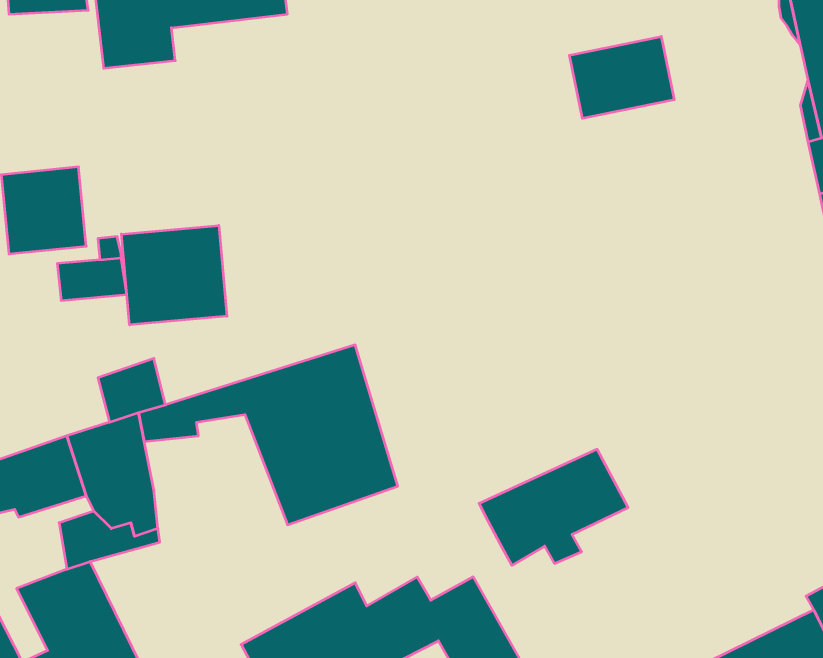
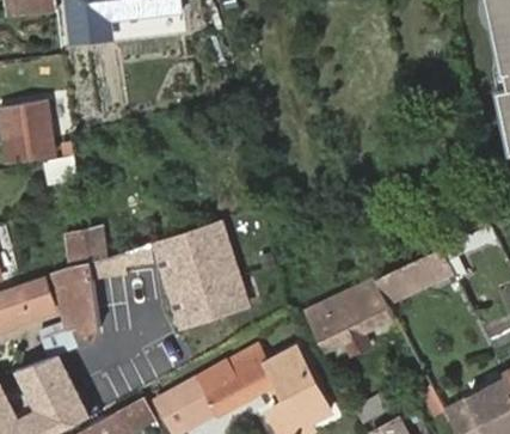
building: [569,36,674,118] -> none
building: [121,225,227,325] -> none
building: none -> [370,250,451,317]

